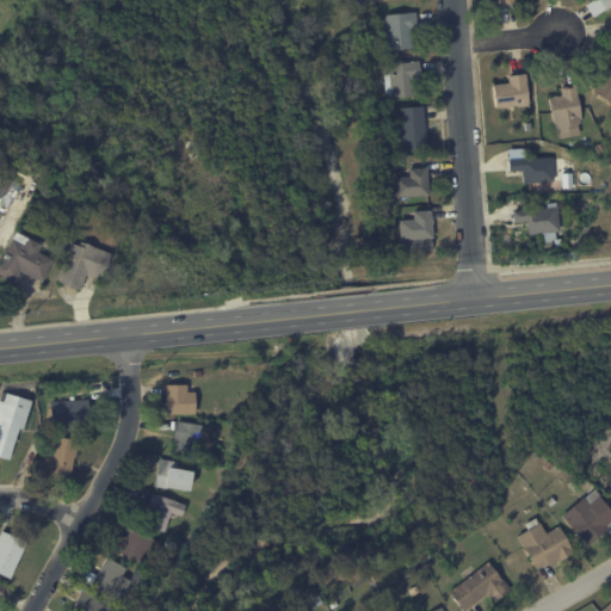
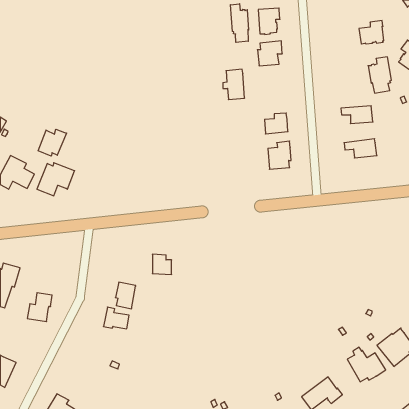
building: none -> [230,4,249,42]
building: [492,73,529,107] -> [359,21,384,44]
building: [395,107,427,153] -> [223,69,245,100]
building: none -> [38,129,67,156]
building: [167,384,196,414] -> [152,254,172,274]
building: [51,399,92,428] -> none
building: [144,493,186,532] -> none
building: [115,530,158,563] -> none
building: [92,557,126,594] -> none

